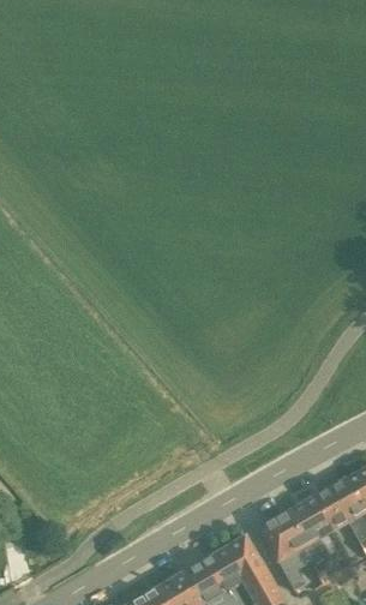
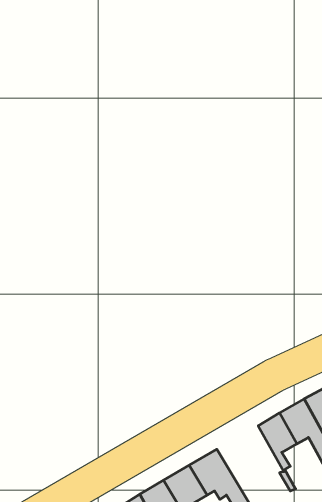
building: [259,511,314,589] -> none

